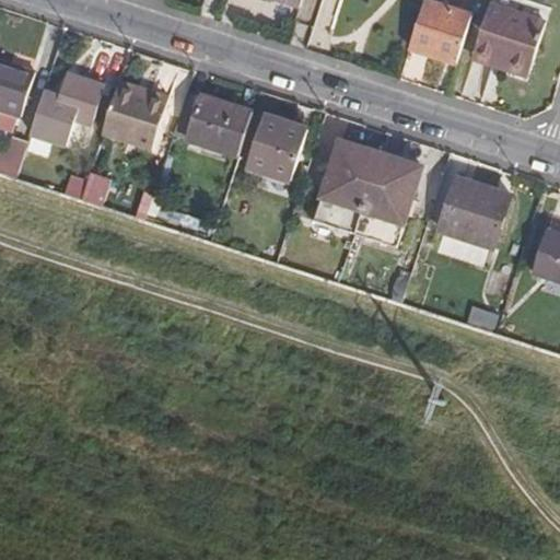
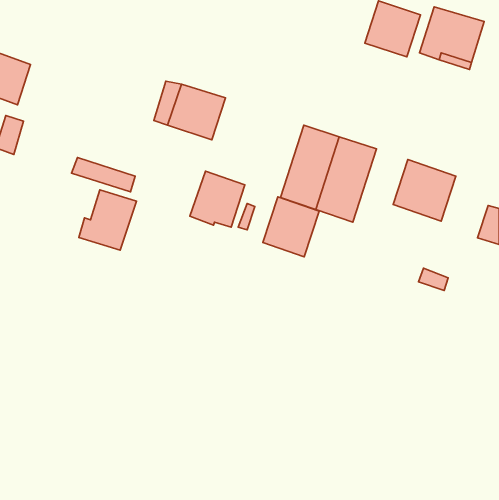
building: [28,71,102,143] -> none
building: [102,82,166,149] -> none
building: [245,114,306,176] -> [190,171,245,227]
building: none -> [79,190,137,250]
building: none -> [263,197,319,257]

